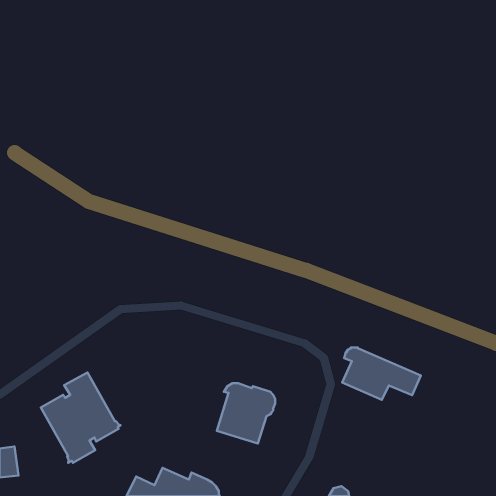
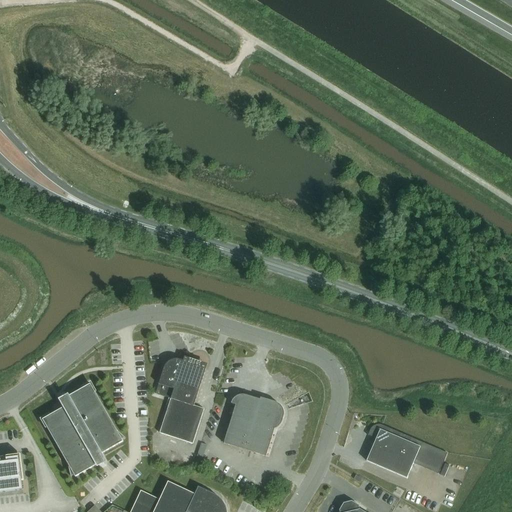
building: [342,347,421,400] -> [365,424,446,478]
building: none -> [155,358,206,443]

